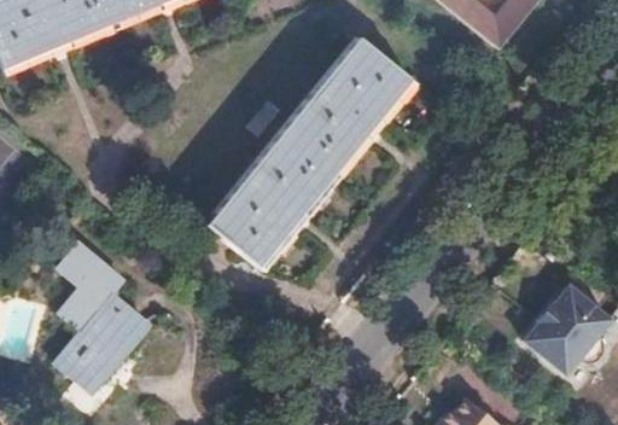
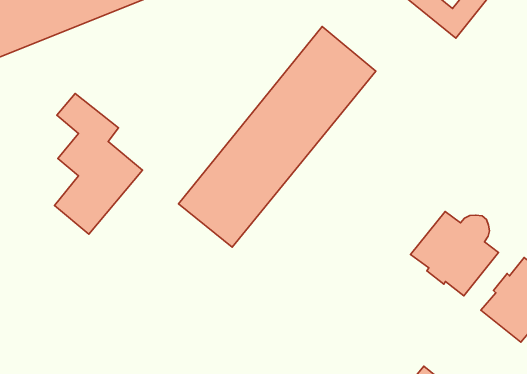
building: none -> [411,211,498,296]
building: [54,243,147,391] -> [55,93,142,234]

